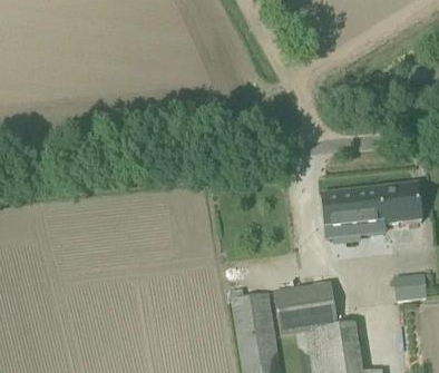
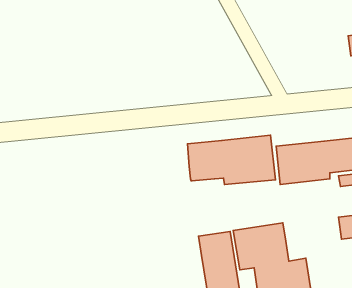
building: none -> [188,135,276,185]

